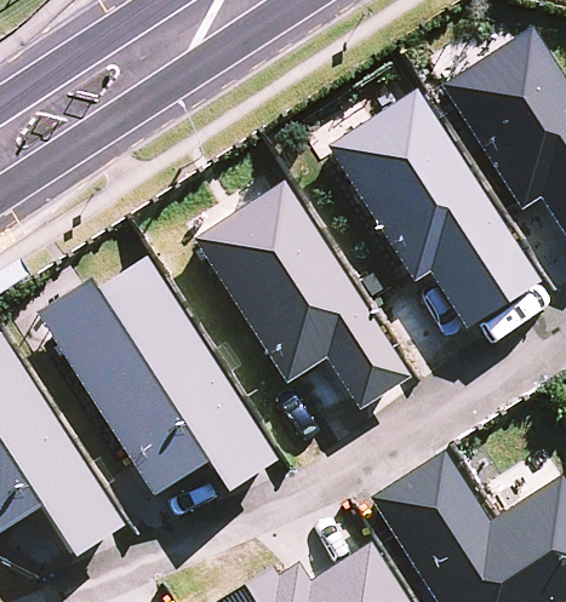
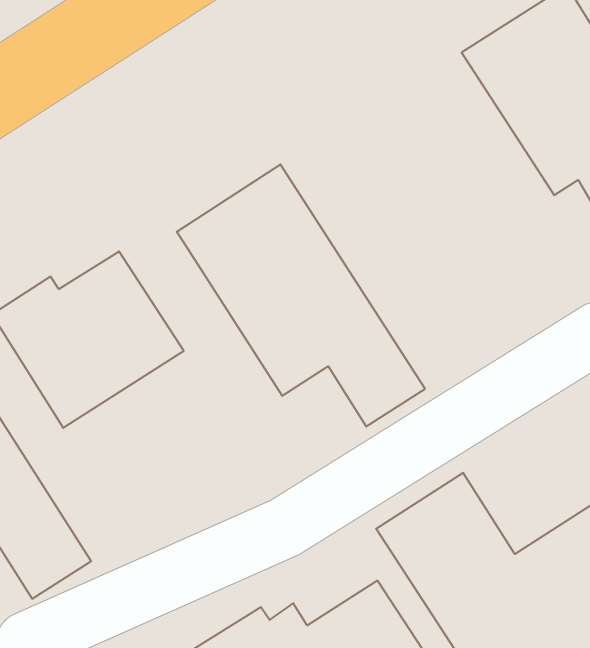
building: [330,90,542,328] -> none
building: [99,343,278,493] -> none

